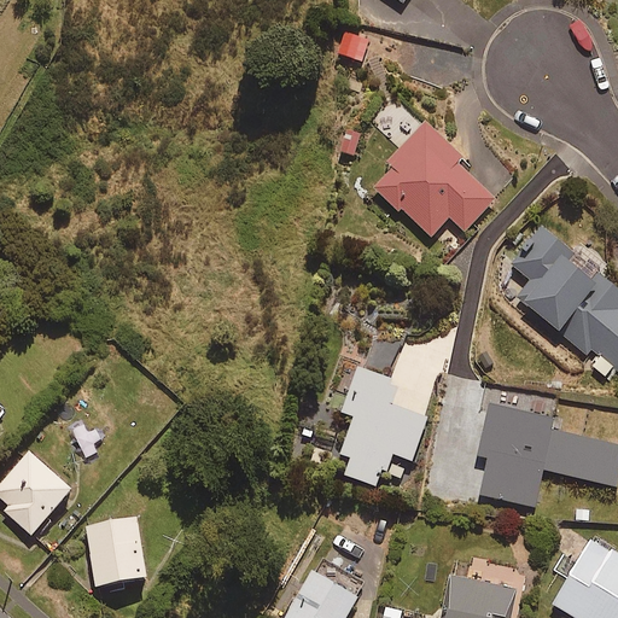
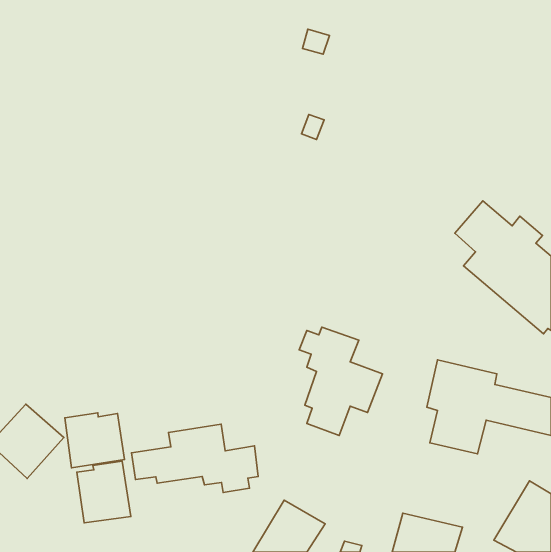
building: [374,119,495,237] -> none
building: none -> [65,413,124,468]
building: none -> [131,424,258,492]

